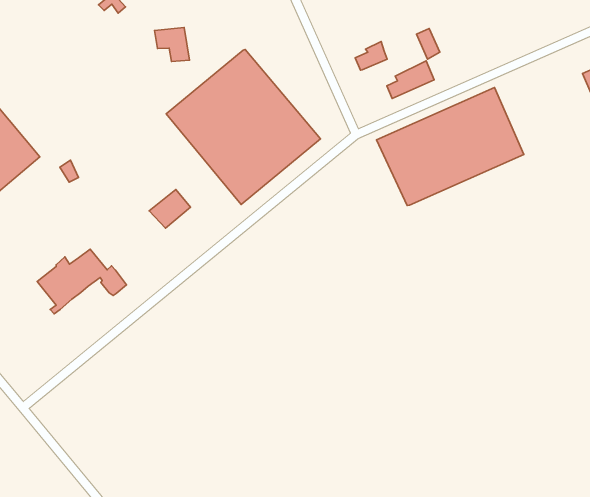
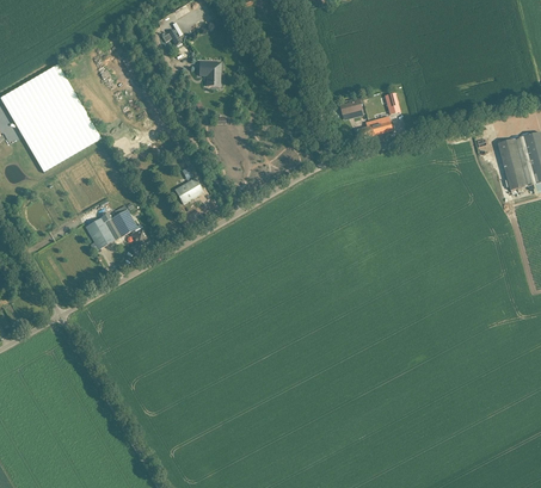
building: [166,50,320,205] -> none
building: [377,87,524,206] -> none

